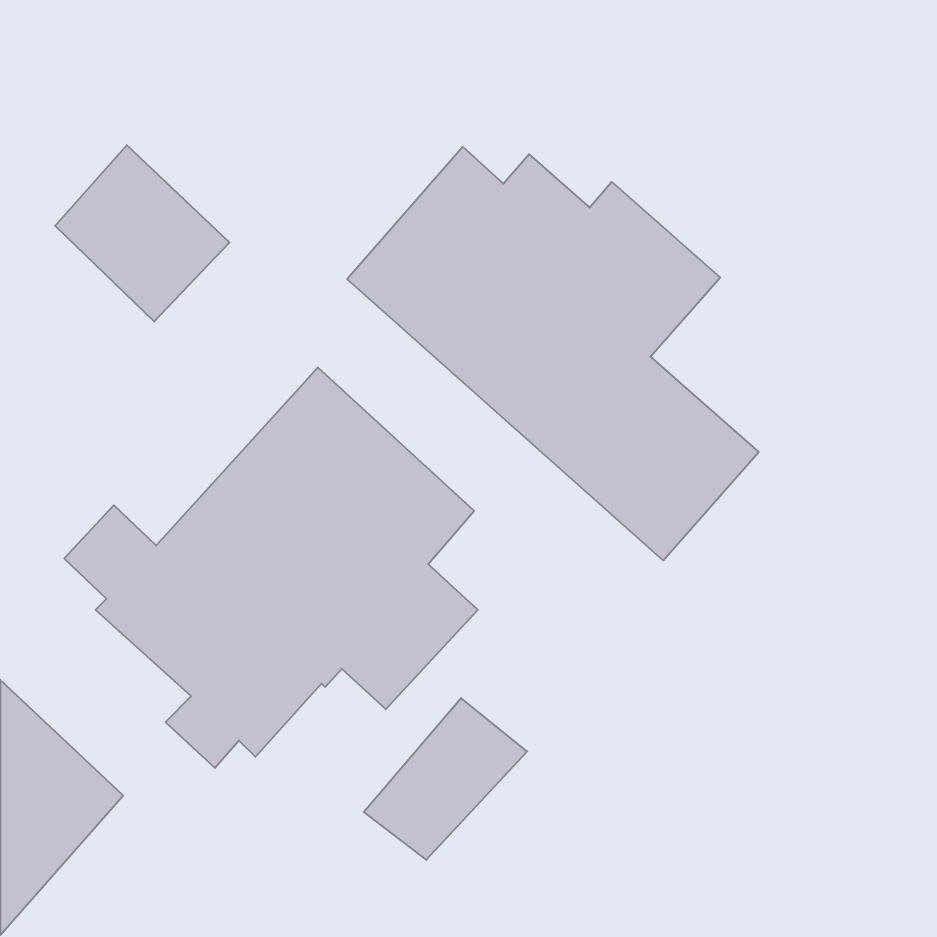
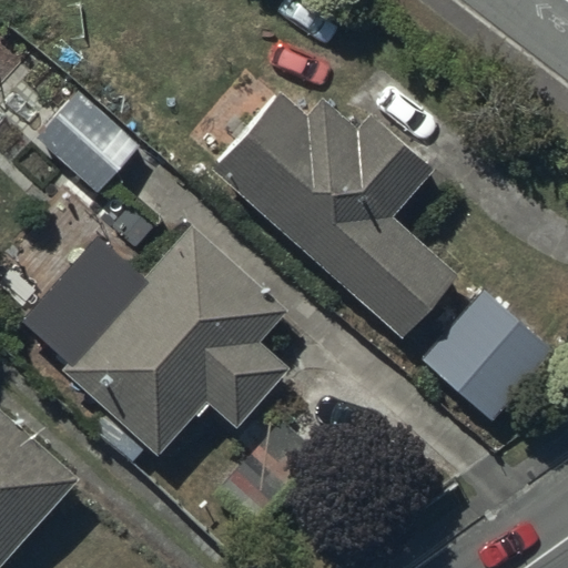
building: none -> [419,288,556,423]

